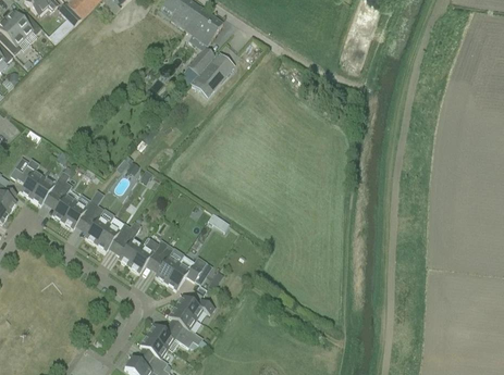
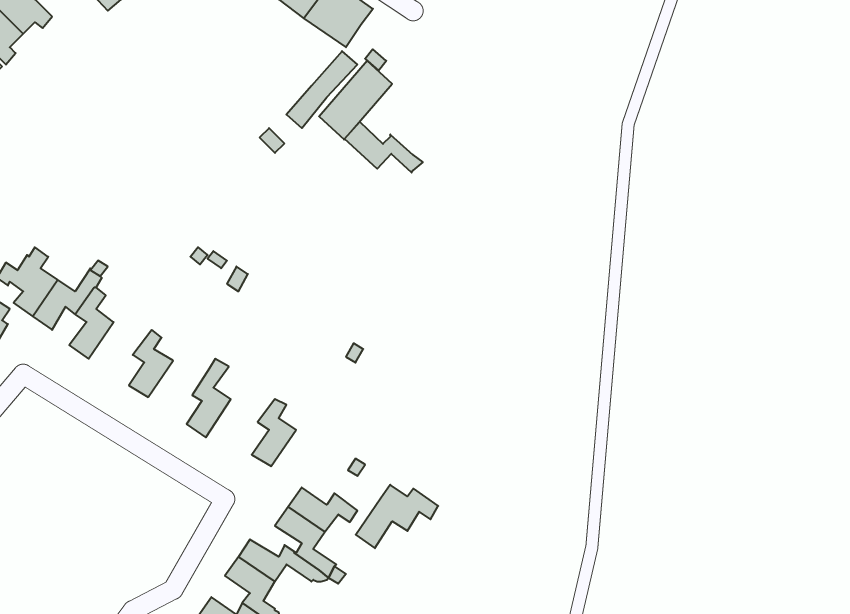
building: none -> [345,122,423,173]
building: [62,200,98,228] -> none
building: [96,222,131,250] -> none
building: [128,236,168,272] -> none
building: [165,253,212,289] -> [356,485,438,548]

